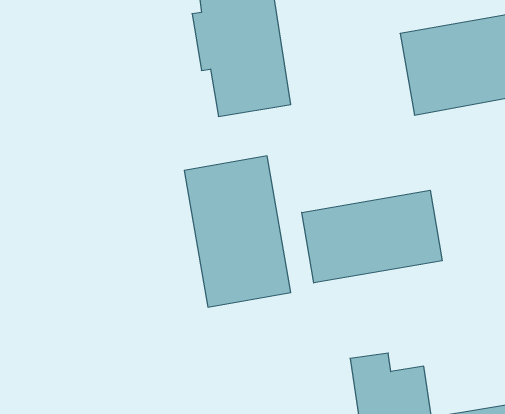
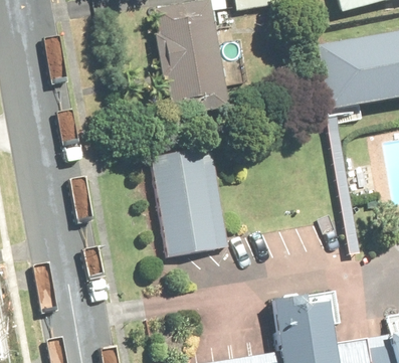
building: [302,190,442,283] -> none

